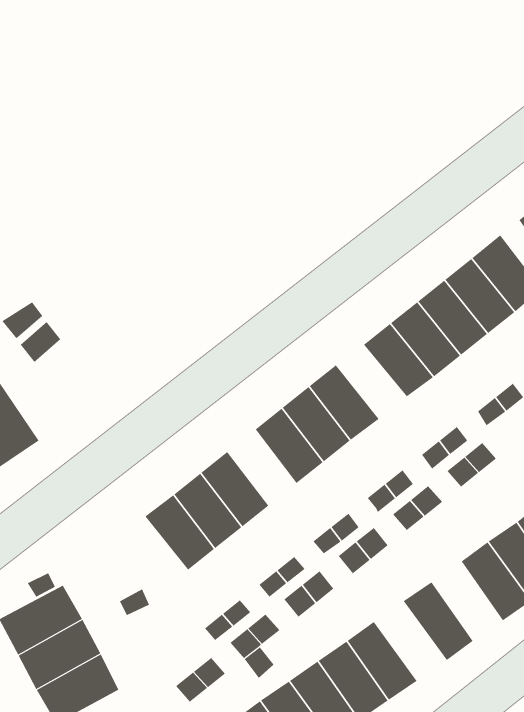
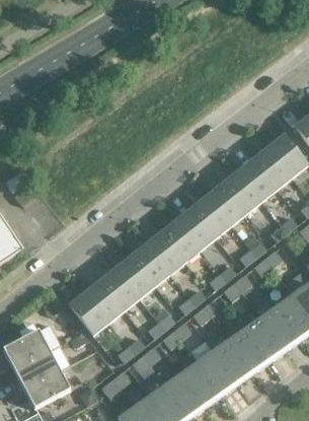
building: none -> [191,195,231,236]
building: none -> [131,242,169,285]
building: none -> [69,291,108,334]
building: none -> [245,317,285,361]
building: none -> [206,330,253,383]

